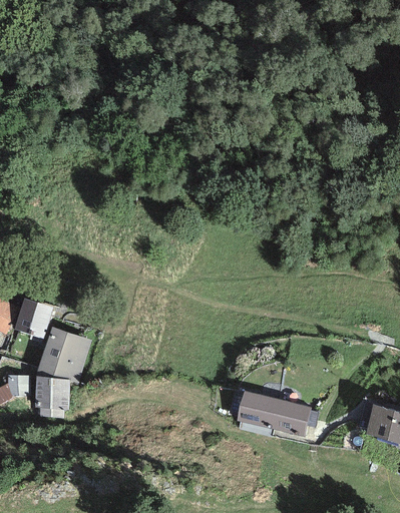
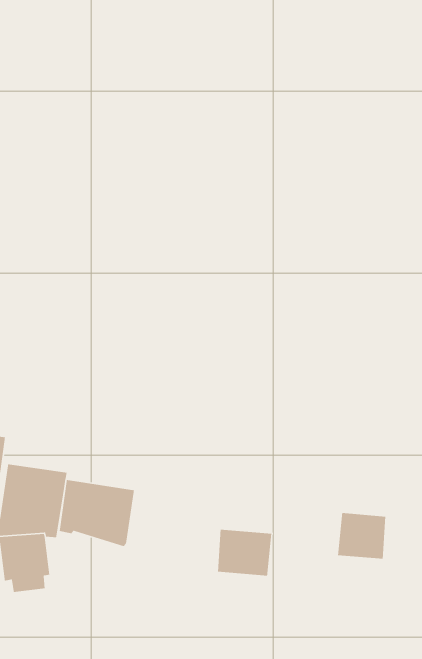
building: none -> [59,479,135,547]
building: [237,390,280,429] -> [217,529,272,577]

